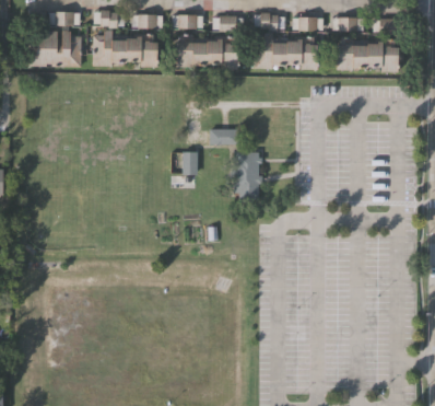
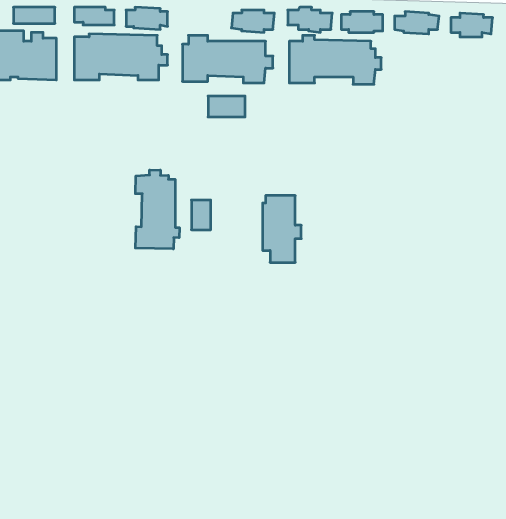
building: [174,13,205,28] -> none
building: [338,37,405,72] -> none
building: [211,128,238,143] -> [208,96,245,117]
building: none -> [135,170,179,249]

